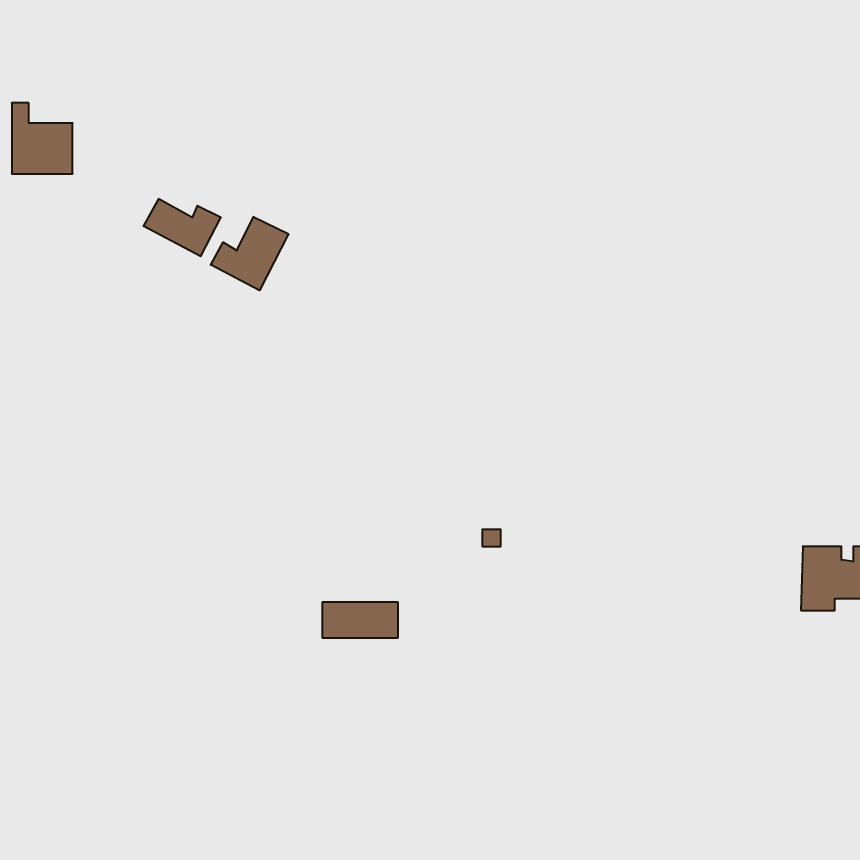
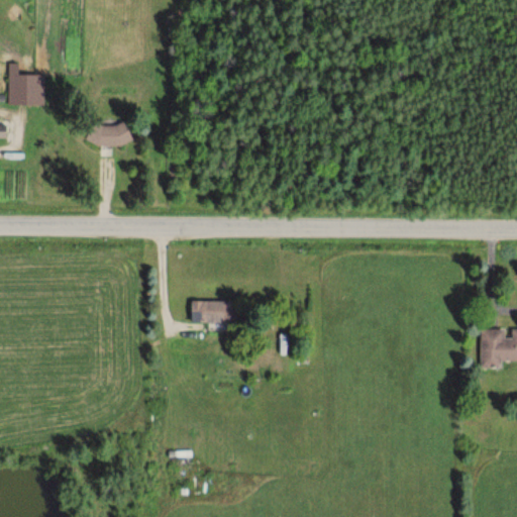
building: [211,217,288,290] -> none
building: [322,602,398,638] -> [192,301,237,322]

